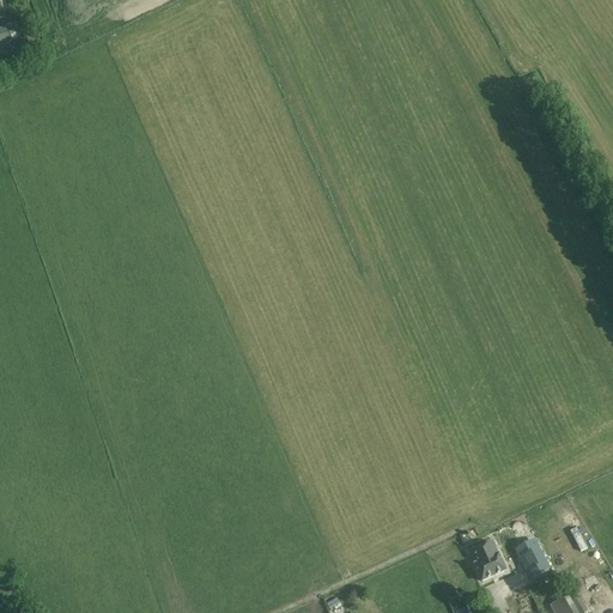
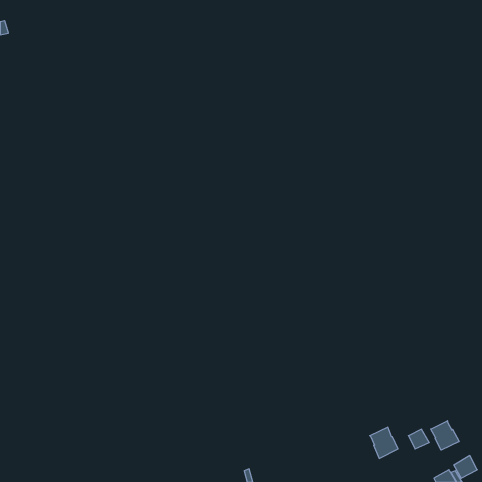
building: none -> [431,421,459,450]

